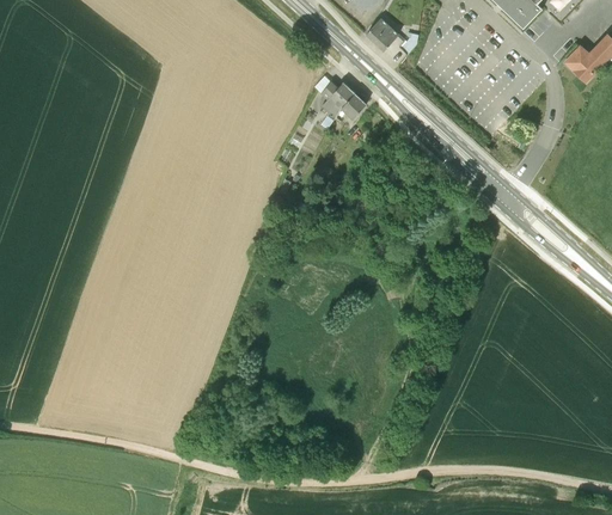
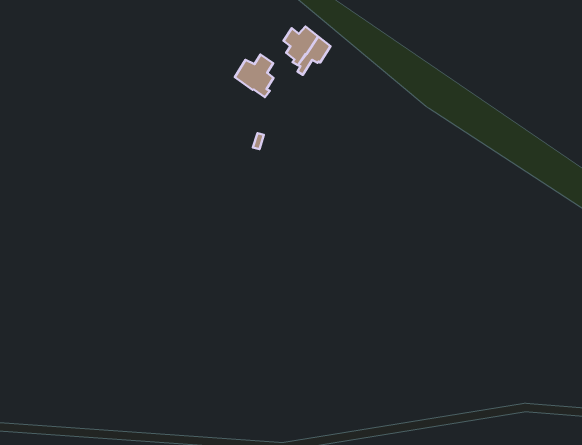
building: none -> [235,55,274,97]

